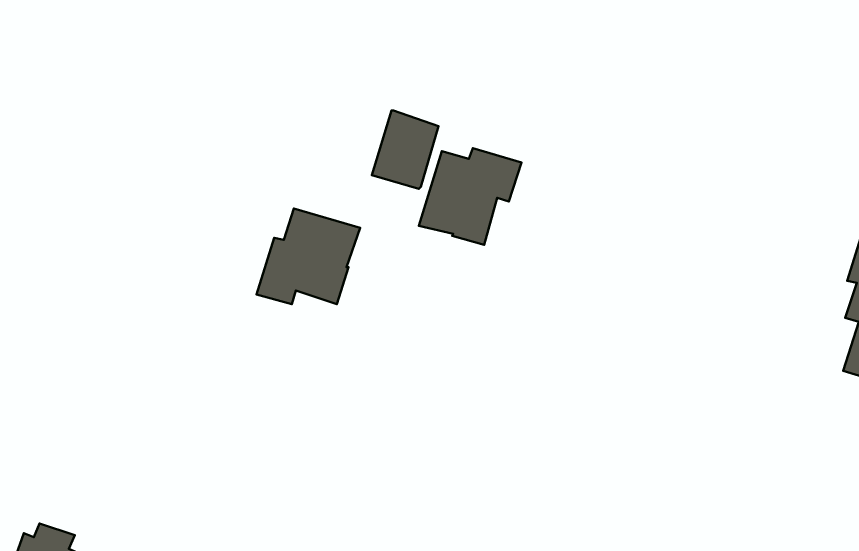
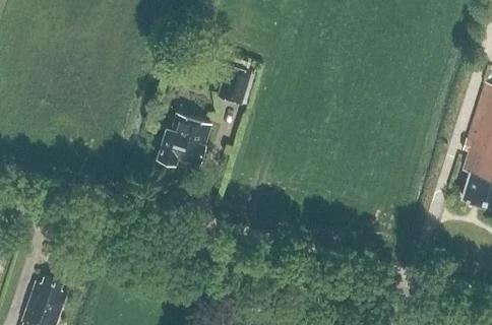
building: [419,148,521,245] -> none

